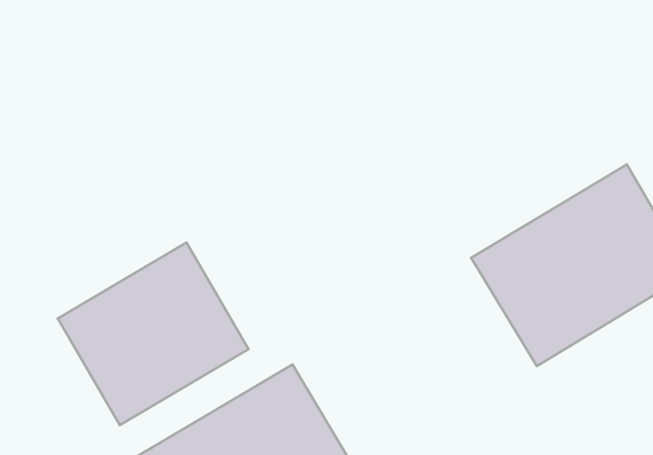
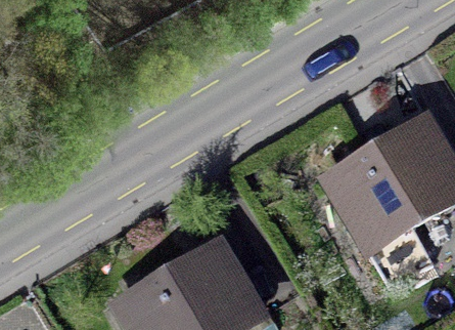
building: [58,243,248,425] -> none

